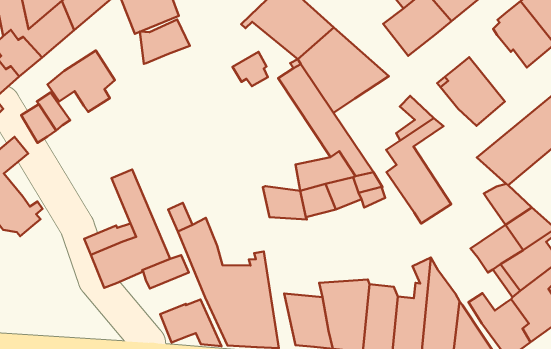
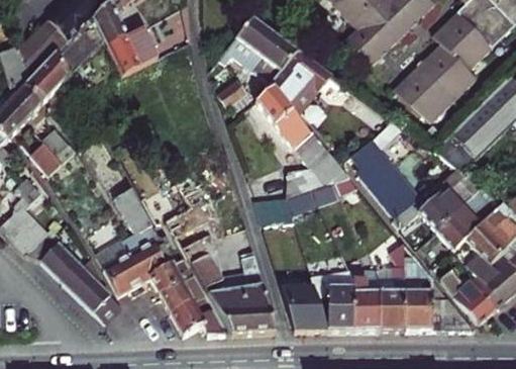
building: [140,19,190,64] -> none
building: none -> [417,43,475,100]
building: [48,51,115,112] -> none
building: none -> [390,185,462,229]
building: none -> [45,241,127,324]
building: none -> [162,274,206,312]

